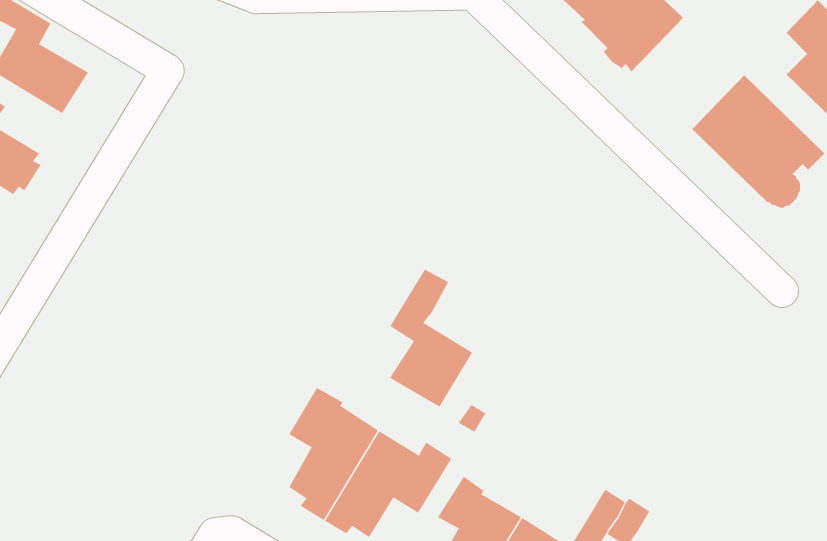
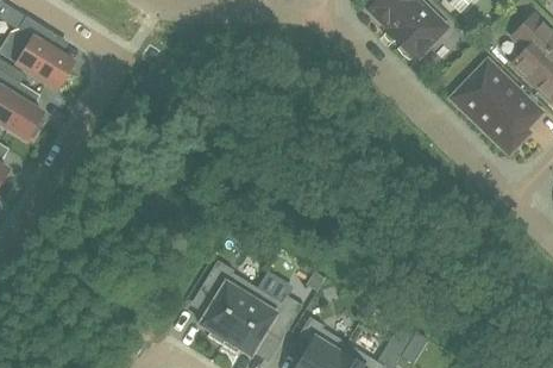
building: [389,269,473,407] -> none

